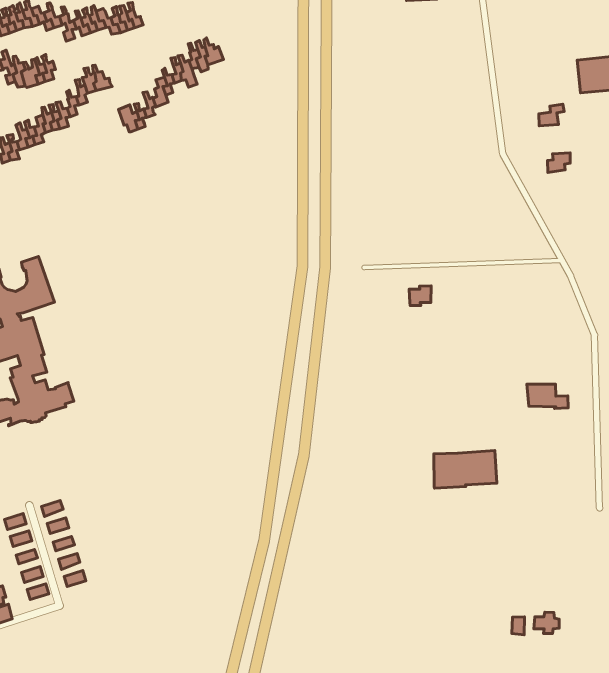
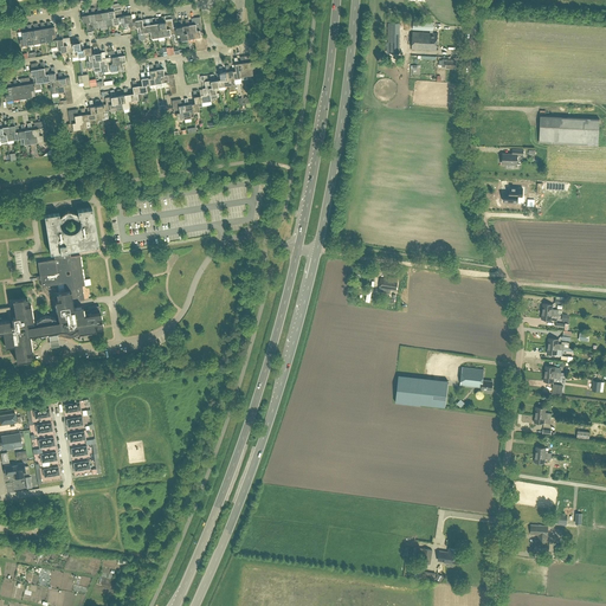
building: [434,451,497,488] -> [395,376,447,407]

